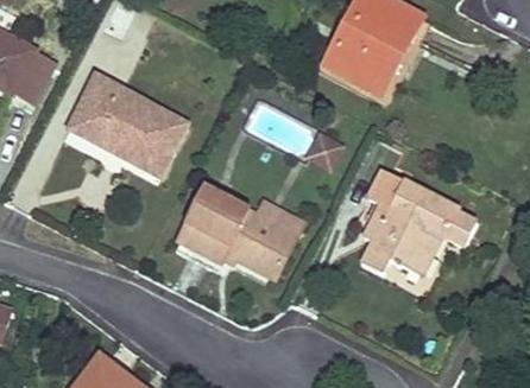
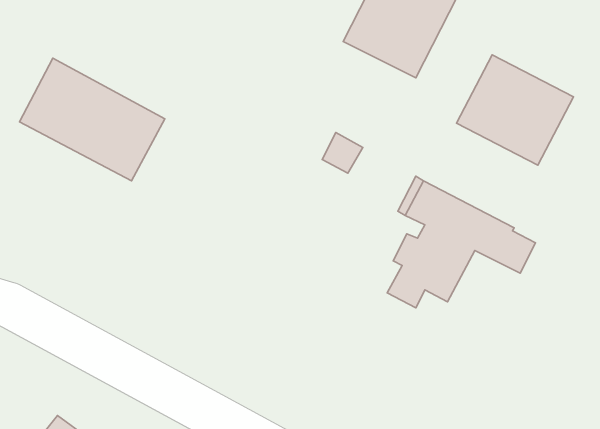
building: none -> [457,55,573,165]
building: [178,189,295,276] -> none

